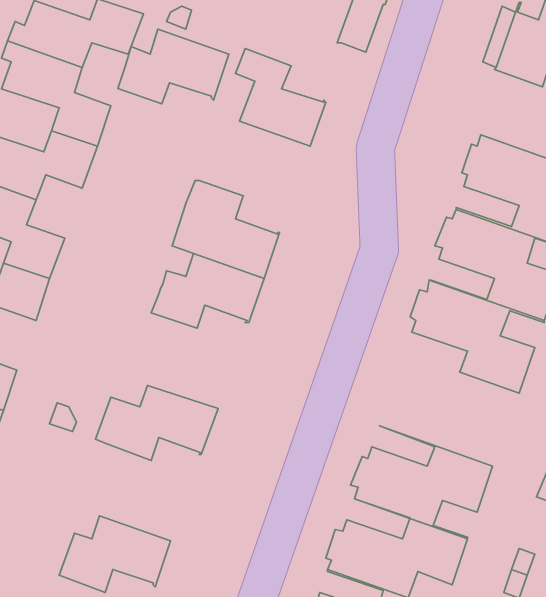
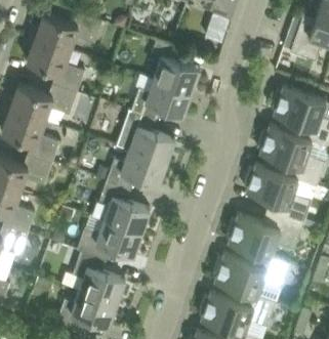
building: [118,29,229,104] -> [132,79,192,119]
building: none -> [92,181,151,232]
building: none -> [228,213,303,263]
building: none -> [75,251,126,303]

